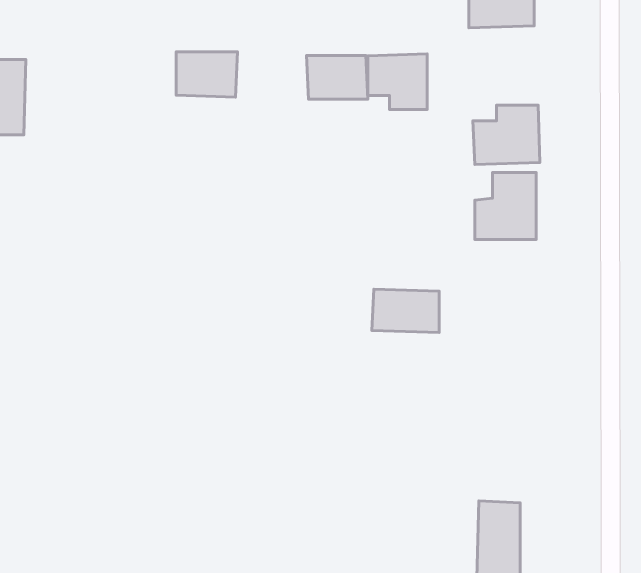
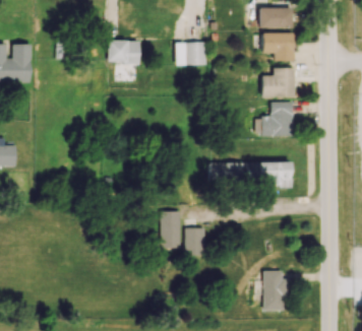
building: [368,54,427,109] -> [263,31,294,60]
building: none -> [245,161,292,187]
building: none -> [162,208,182,248]
building: none -> [186,226,206,255]

